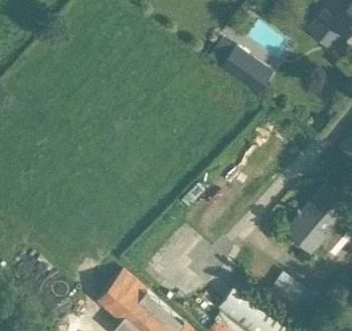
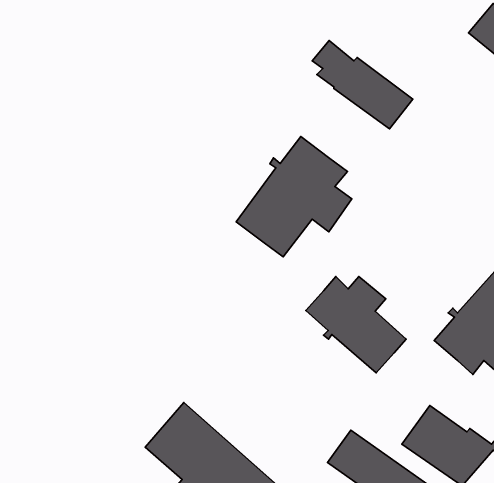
building: none -> [236,136,352,257]
building: none -> [306,276,406,373]

